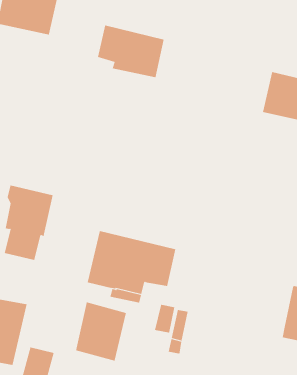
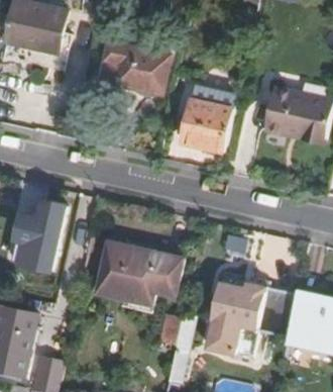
building: none -> [181,84,235,152]
building: none -> [207,273,294,358]
building: [76,301,127,362] -> none

